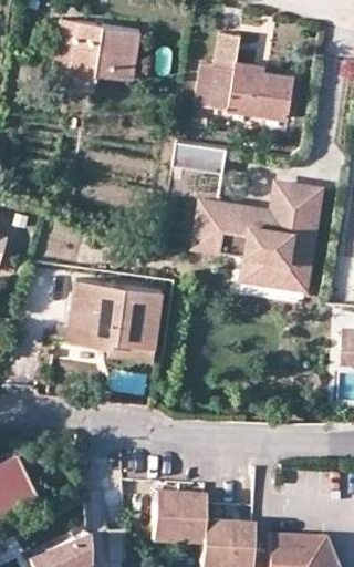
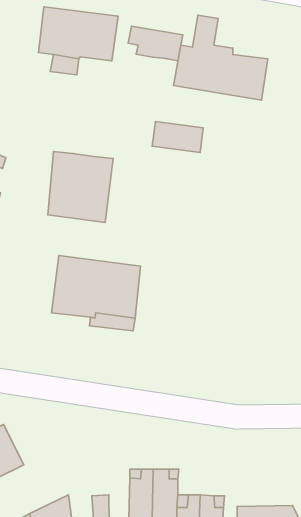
building: none -> [128,26,183,61]
building: none -> [48,151,113,223]
building: [190,177,324,292] -> none

